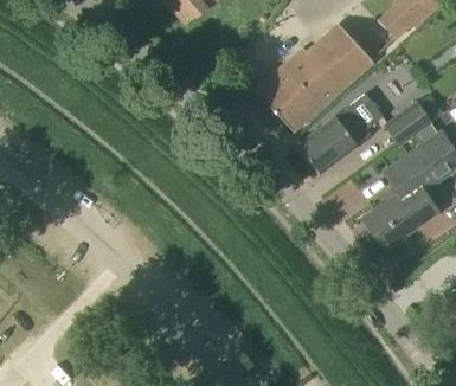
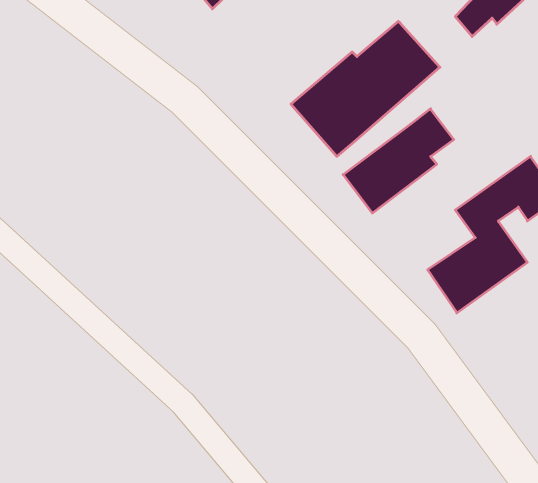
building: [385,102,432,146] -> none

